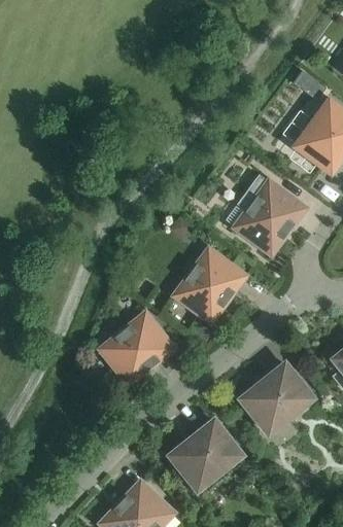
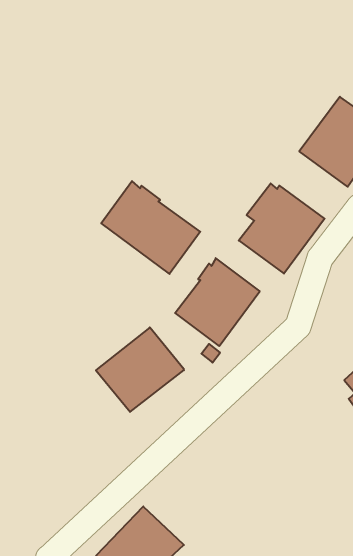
building: none -> [101,181,200,274]
building: [236,357,318,438] -> none
building: [165,414,247,496] -> none

